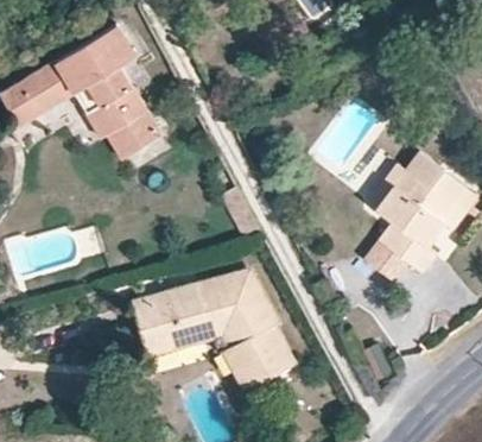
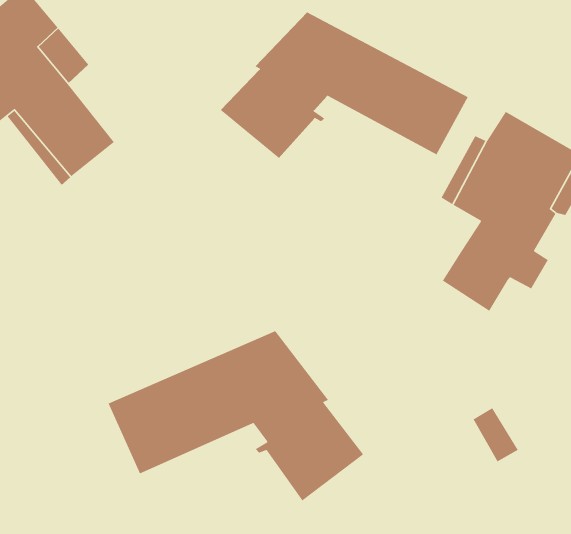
building: none -> [220,11,469,159]

